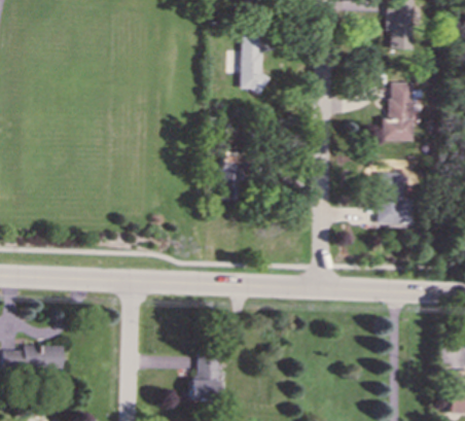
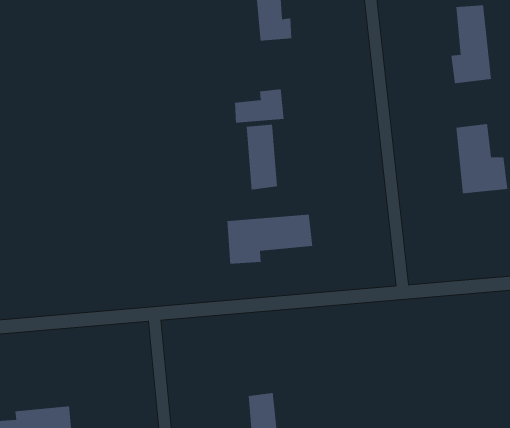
building: none -> [234,88,284,123]
building: none -> [227,214,313,264]

